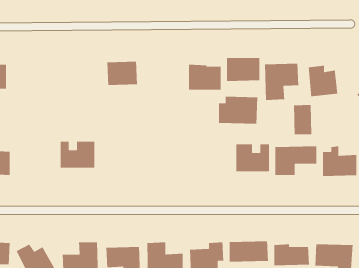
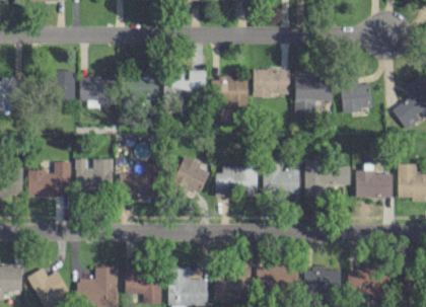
building: none -> [164,70,205,99]
building: none -> [53,71,74,100]
building: none -> [79,77,113,106]
building: [218,96,258,124] -> [215,166,258,197]
building: [293,104,312,135] -> none
building: none -> [169,156,208,195]
building: none -> [27,162,70,198]
building: none -> [119,164,156,199]

